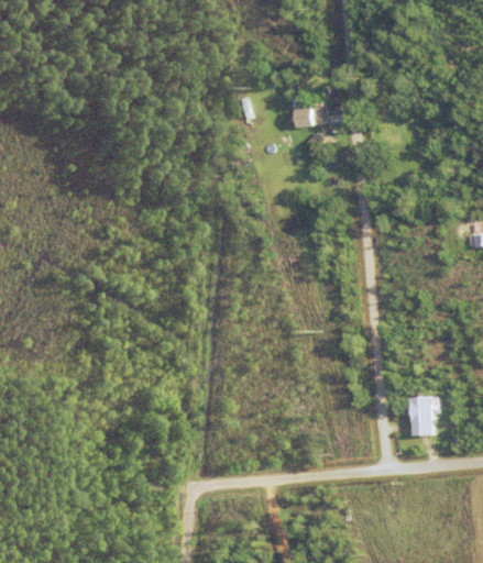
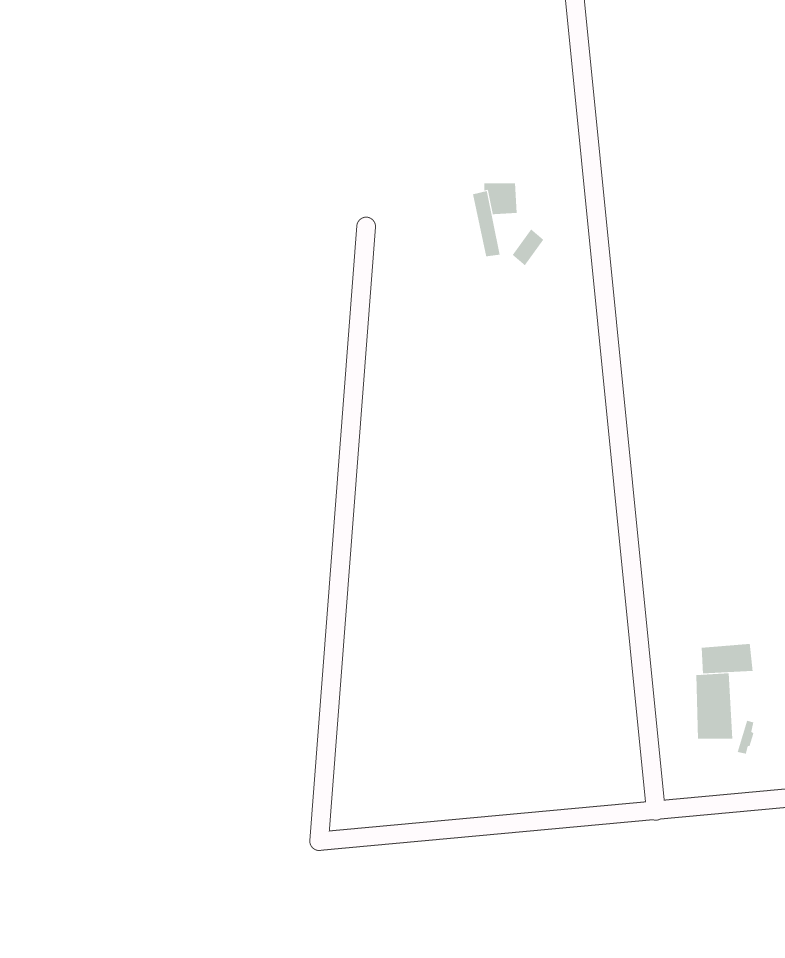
building: none -> [701,643,753,674]

